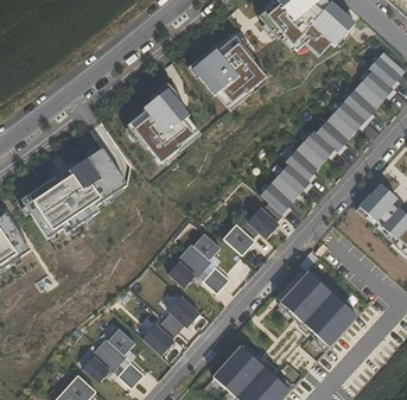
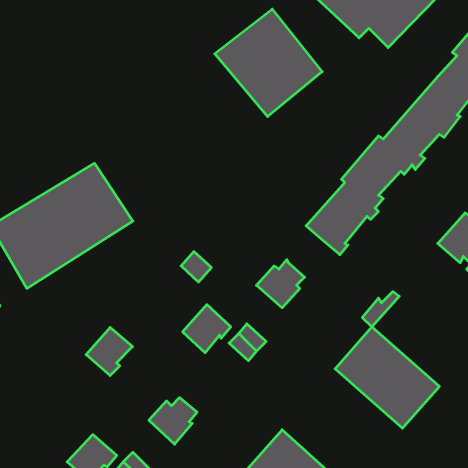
building: [123,89,202,169] -> none
building: [246,202,282,237] -> none
building: [185,231,220,268] -> none
building: [165,294,199,331] -> none
building: [101,328,135,363] -> [86,327,133,376]

